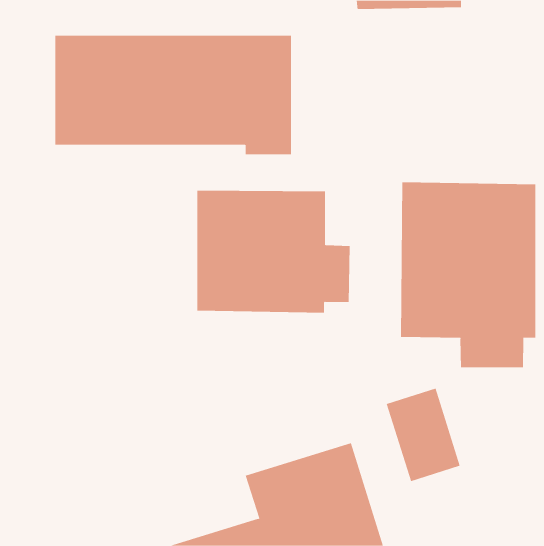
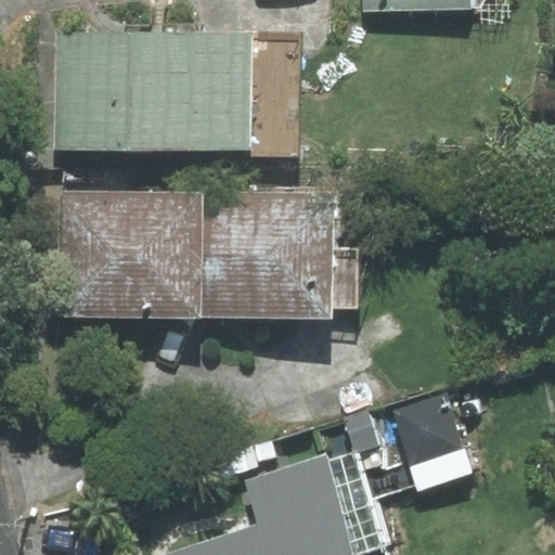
building: [401,182,536,368] -> none
building: none -> [59,193,199,315]

